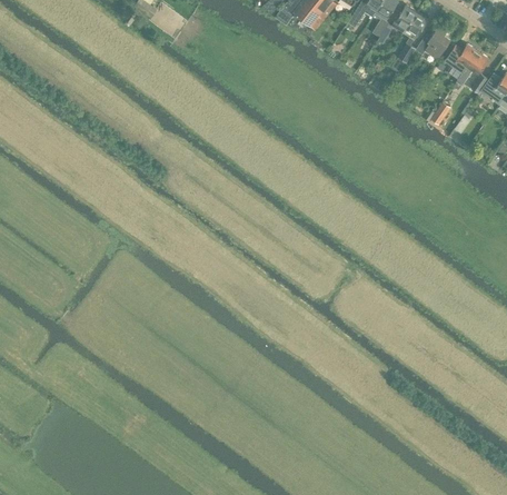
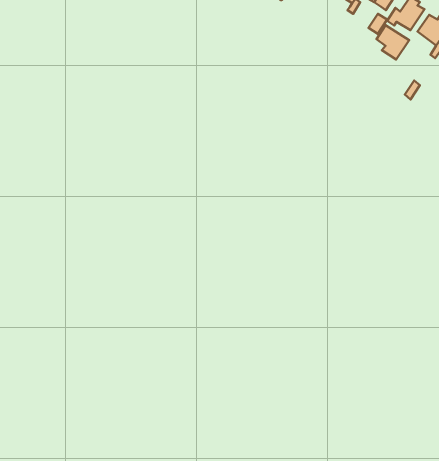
building: none -> [377,25,409,60]

